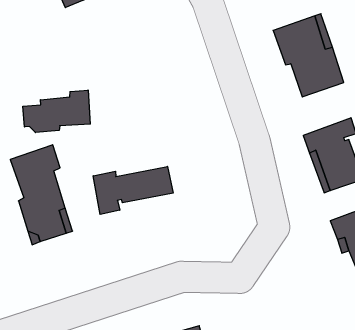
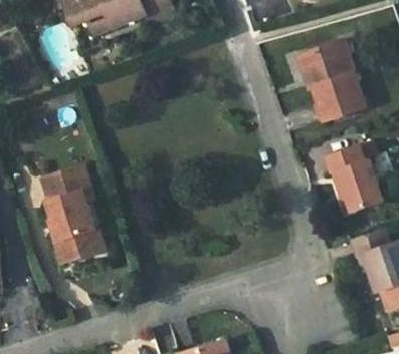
building: [23,90,90,133] -> none
building: [93,166,173,214] -> none

